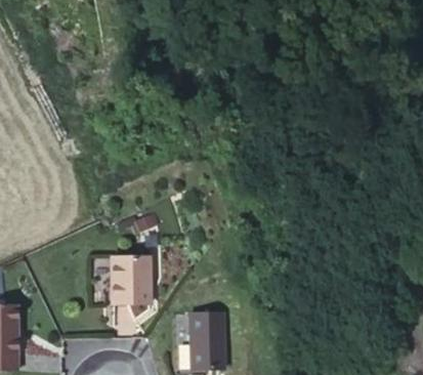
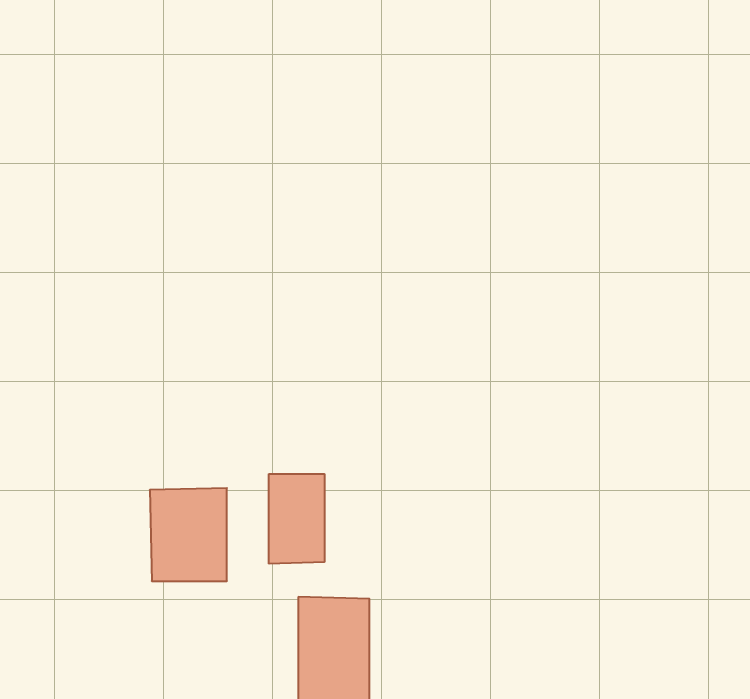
building: none -> [269,474,324,564]

